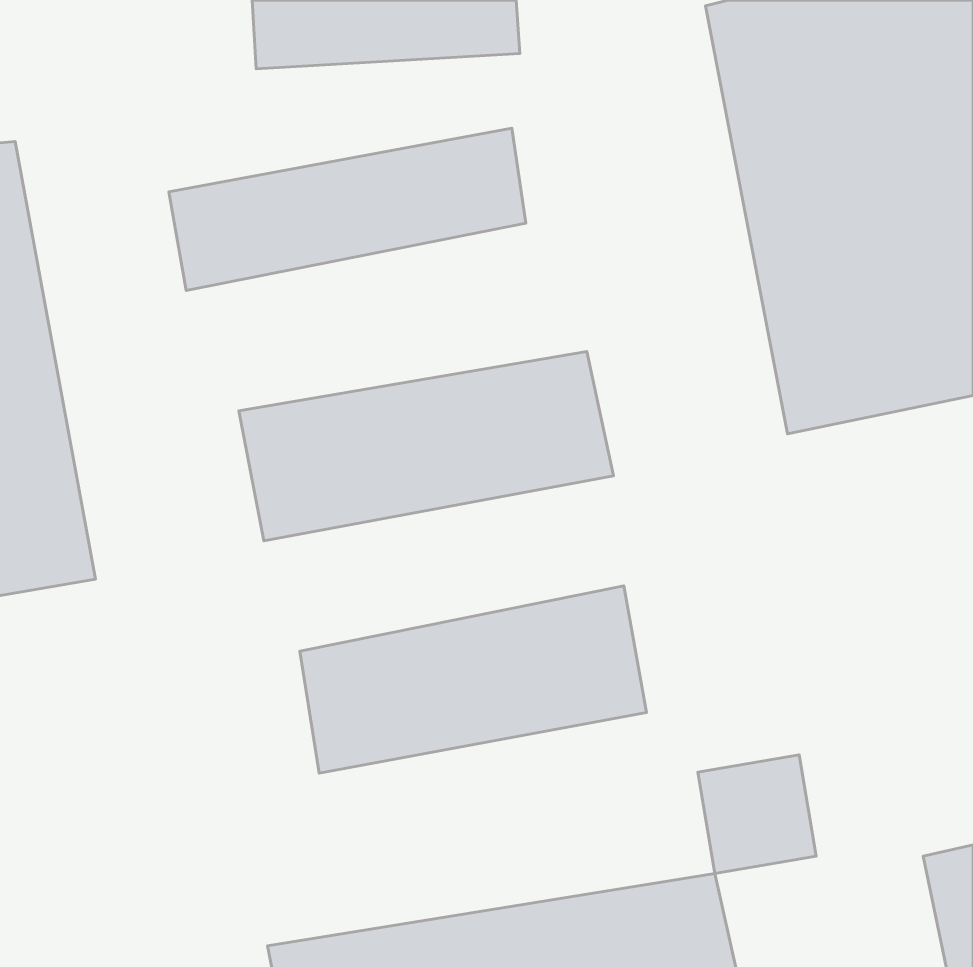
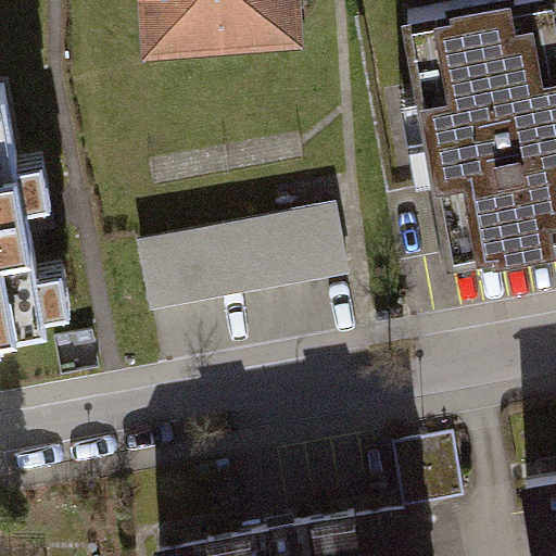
building: [169,128,526,290] -> none
building: [300,586,647,773] -> none

